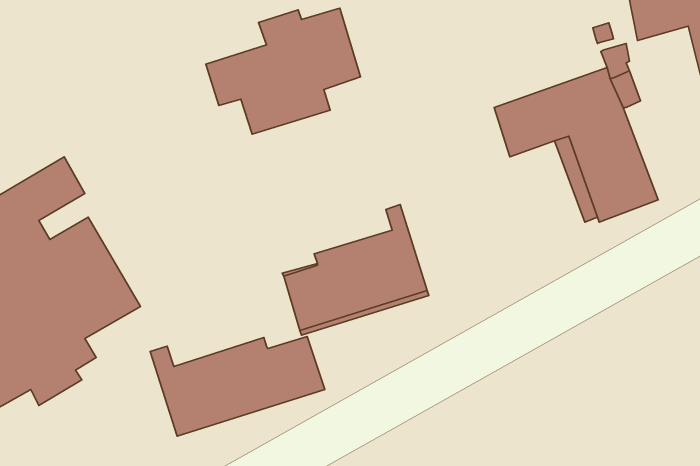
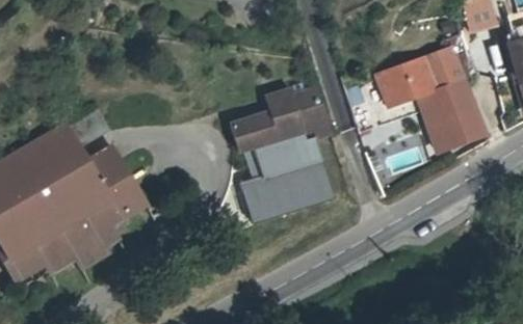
building: [206,8,360,134] -> [229,88,330,170]
building: [150,337,325,436] -> none

